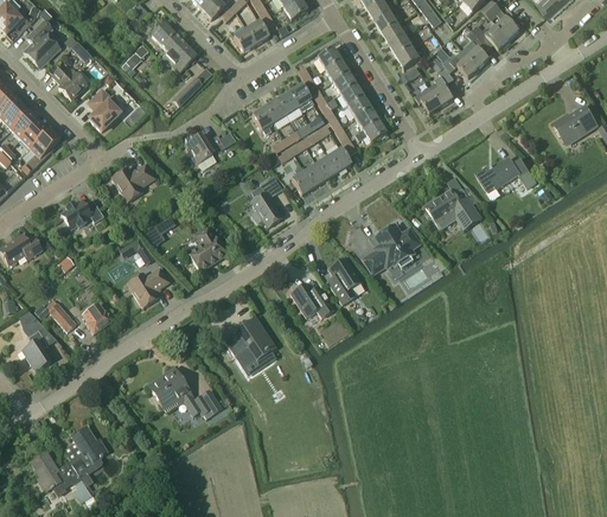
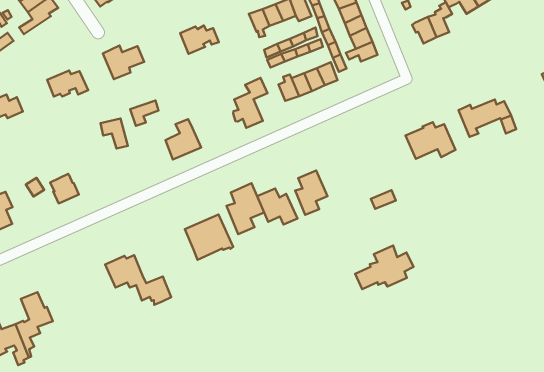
building: [363,224,420,273] -> [355,246,413,289]
building: [128,268,170,307] -> none
building: none -> [227,183,264,234]

